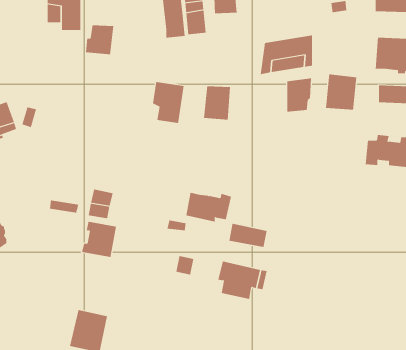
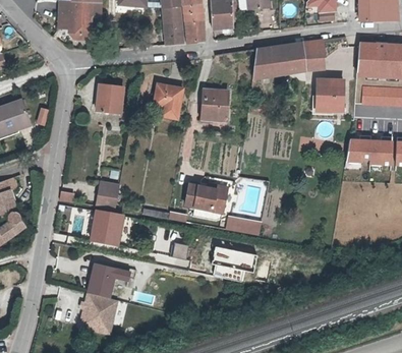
building: [85,25,114,55] -> [98,85,124,113]
building: [286,78,312,112] -> [302,38,326,69]
building: none -> [88,263,129,296]

